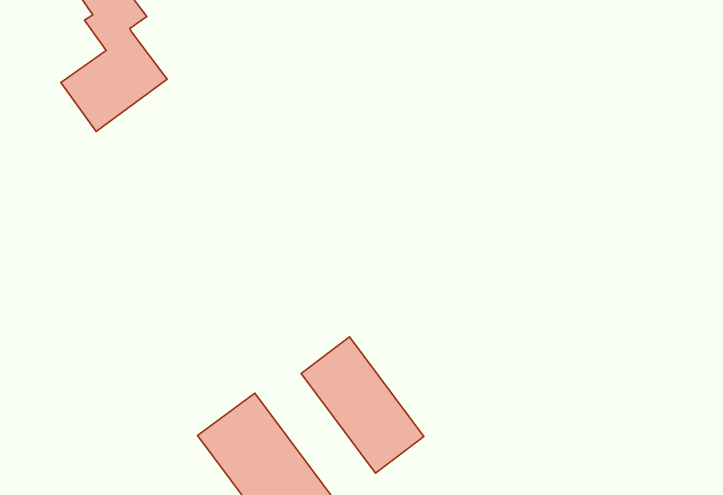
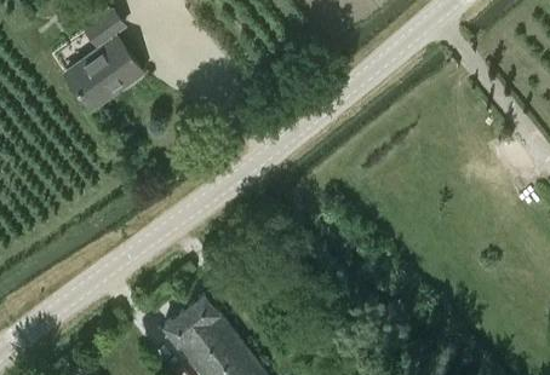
building: [301,337,424,473] -> none

